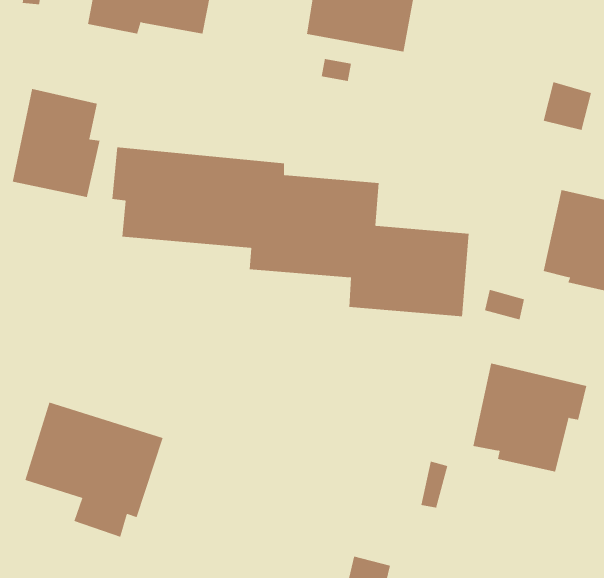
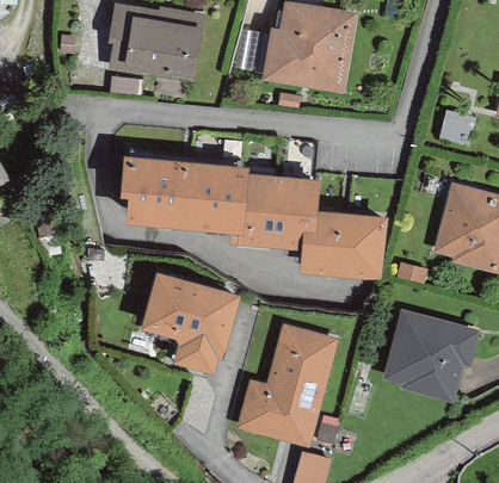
building: [12,88,100,198] -> none
building: none -> [238,328,344,454]
building: [24,402,163,537] -> [147,274,248,373]

